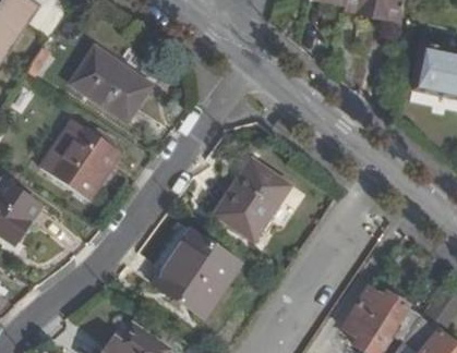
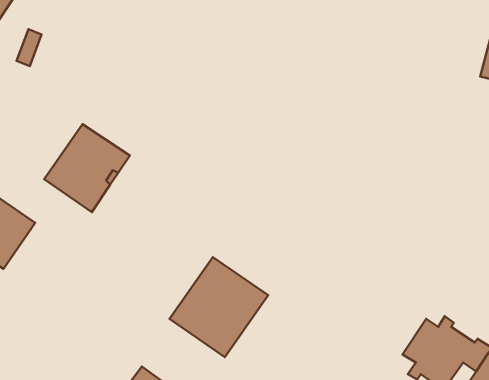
building: [72,41,151,120] -> none
building: [215,163,288,241] -> none

